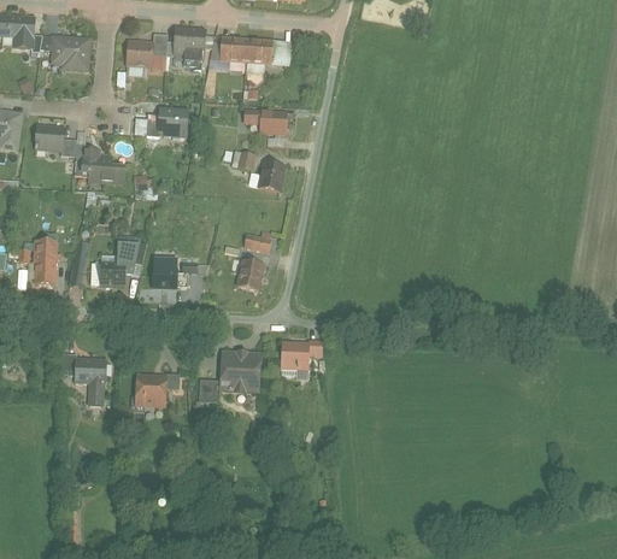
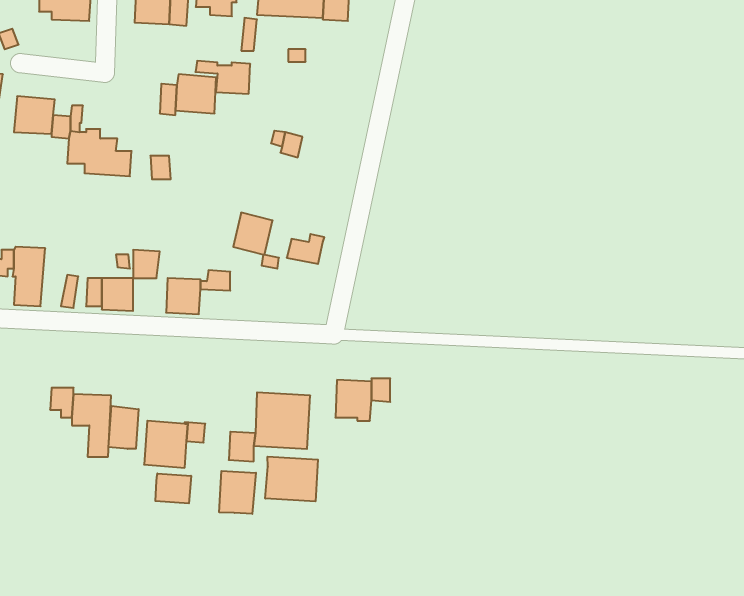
building: [243,110,286,135] -> [195,61,250,94]
building: [255,163,286,193] -> none
building: [234,259,264,292] -> [233,213,273,255]
building: none -> [109,406,139,449]
building: none -> [265,457,318,501]
building: none -> [219,471,256,514]
building: none -> [155,473,191,503]

